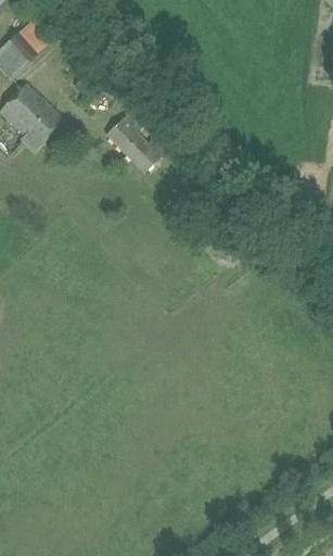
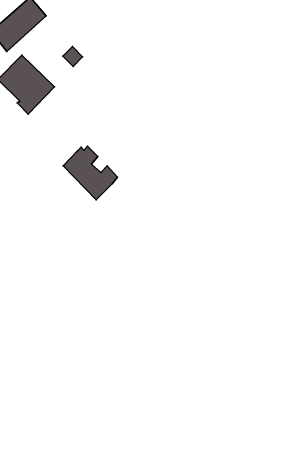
building: [106,112,169,174] -> [63,146,118,200]

